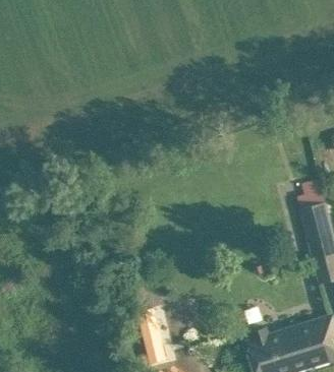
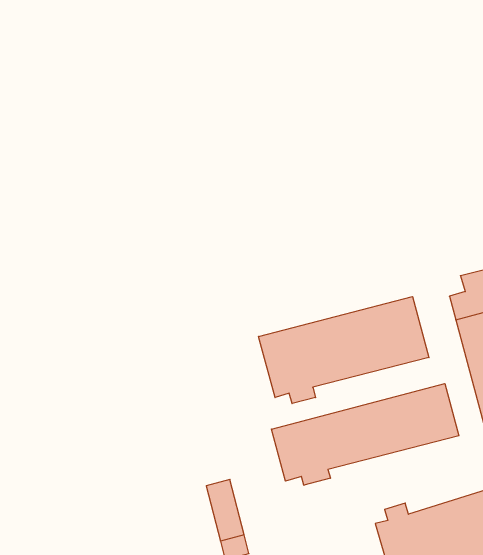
building: none -> [259,297,429,404]
building: none -> [271,384,459,485]

